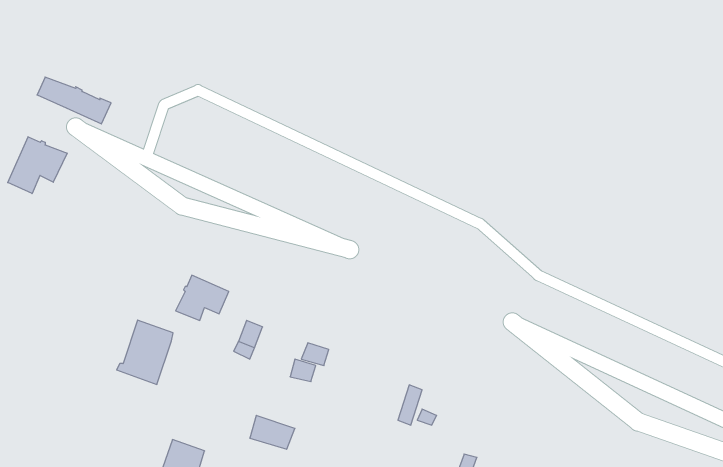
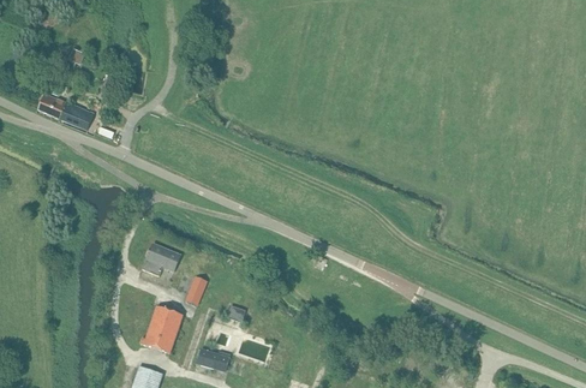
building: [8,137,67,194] -> none
building: [117,320,173,384] -> [140,305,183,353]

